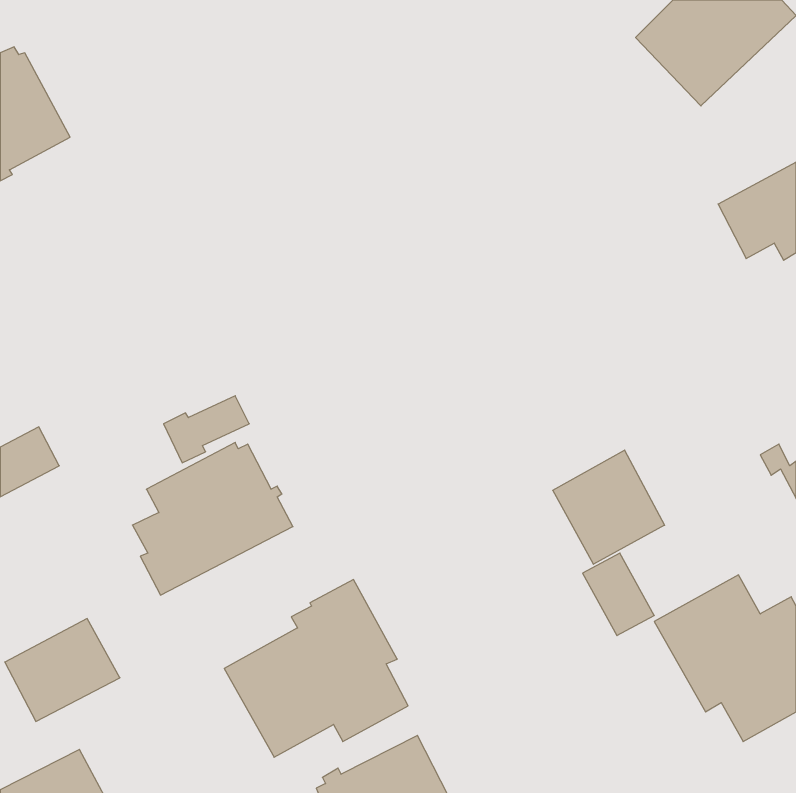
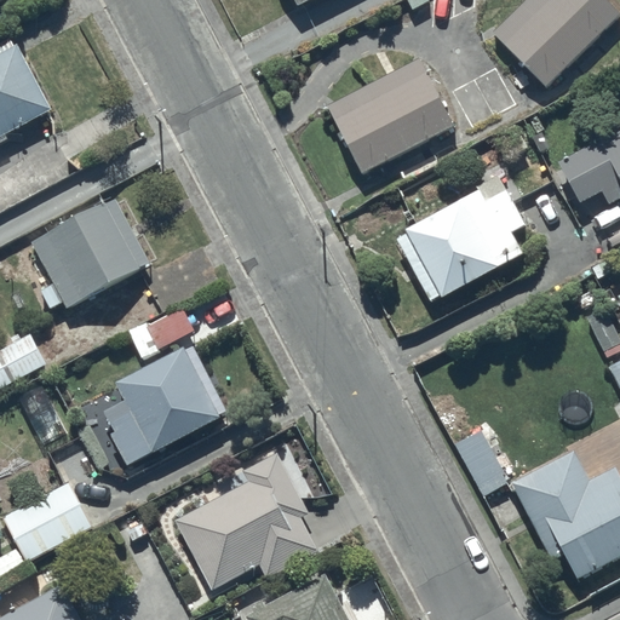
building: none -> [328,61,453,171]
building: none -> [397,189,523,300]
building: none -> [33,207,148,315]
building: [553,450,665,564] -> none

